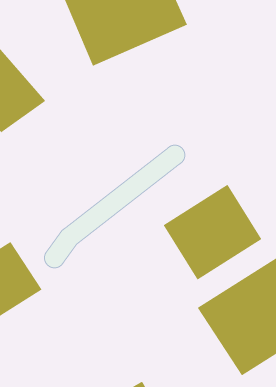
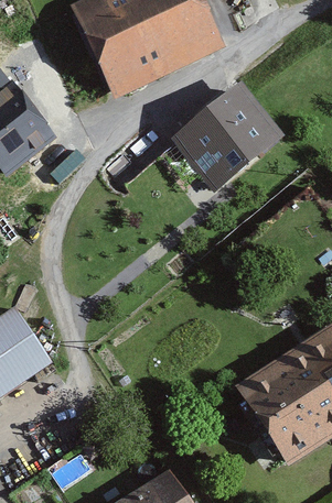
building: none -> [170,84,283,193]
building: [163,184,262,281] -> none

